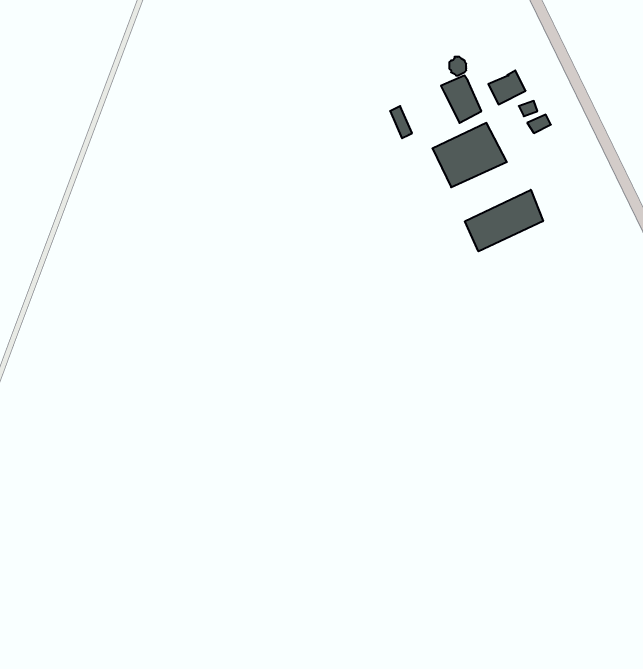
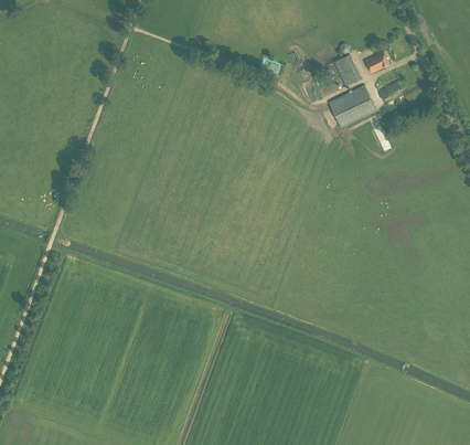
building: [465,190,543,251] -> none

